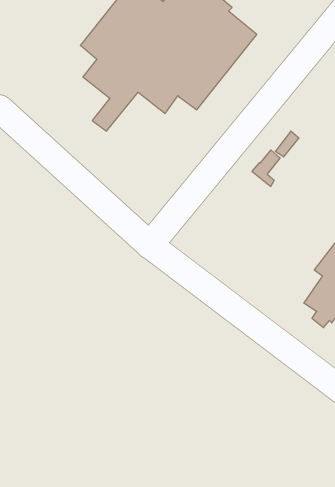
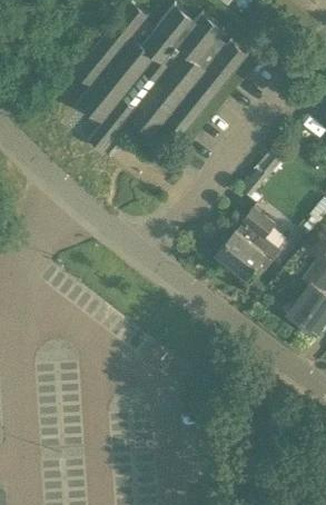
building: none -> [216,207,281,278]

